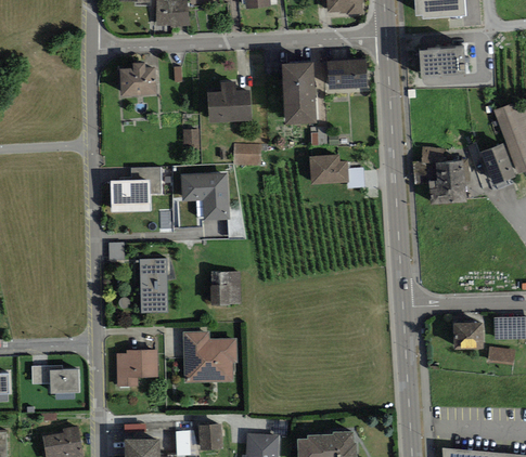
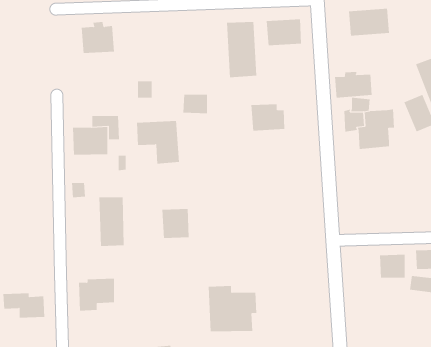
building: [208,81,252,122] -> none
building: none -> [335,71,372,98]
building: [182,330,238,382] -> [208,286,257,332]

